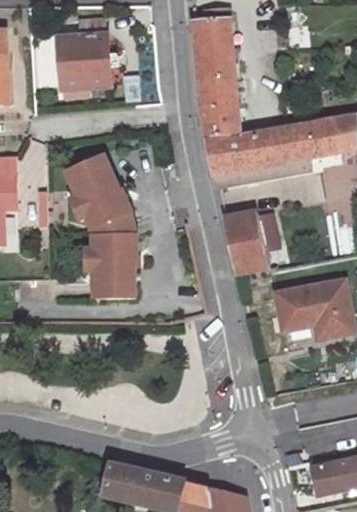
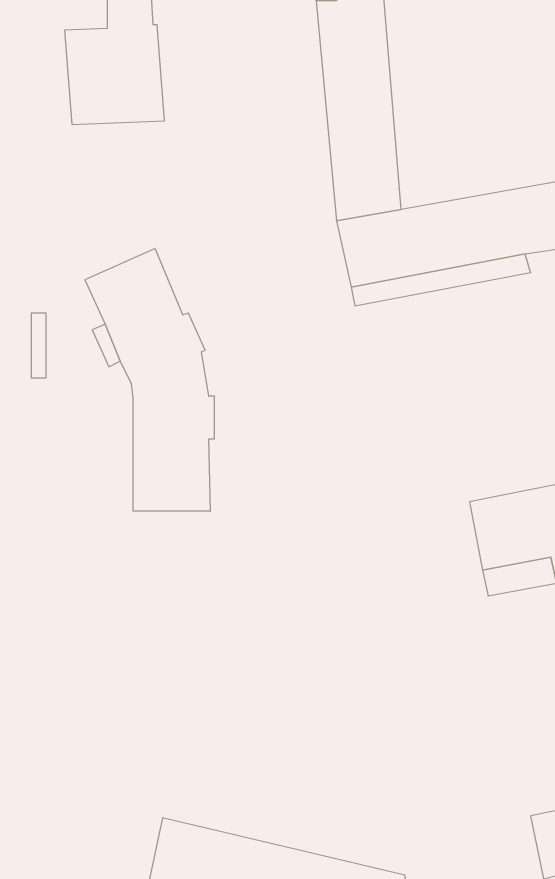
building: [221,211,268,273] -> none

